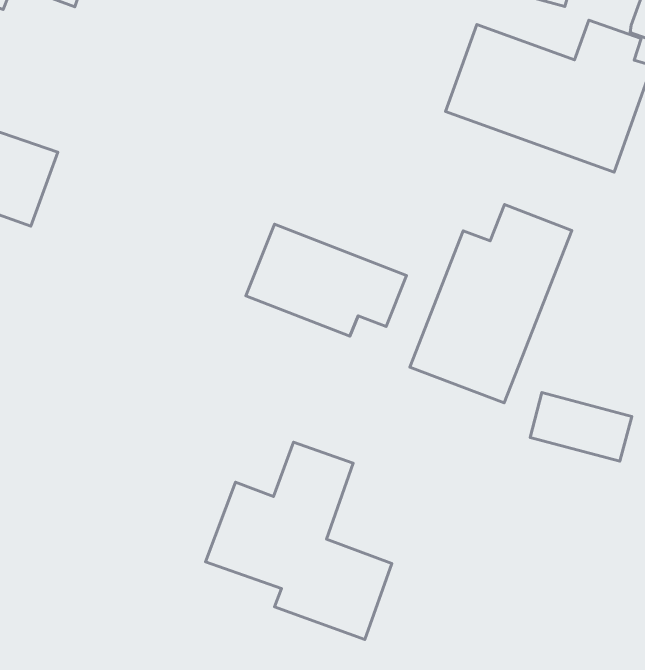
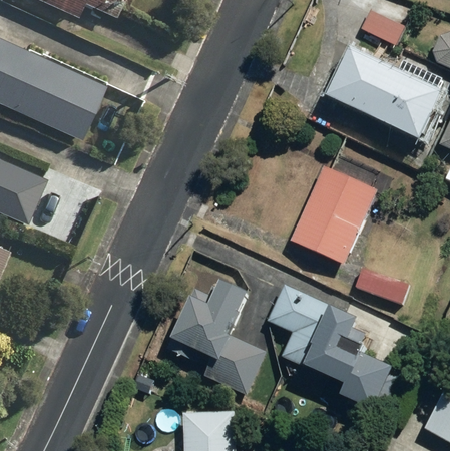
building: [246,224,406,336] -> none
building: none -> [270,285,392,416]

